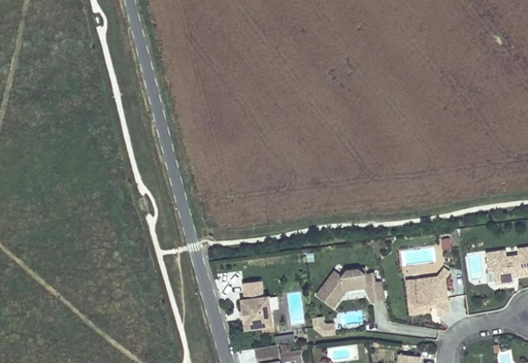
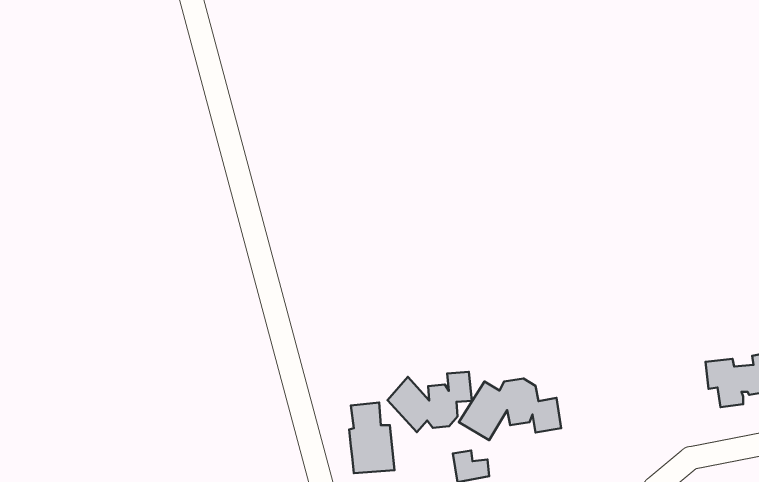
building: none -> [387,372,472,432]
building: [404,269,448,316] -> none

